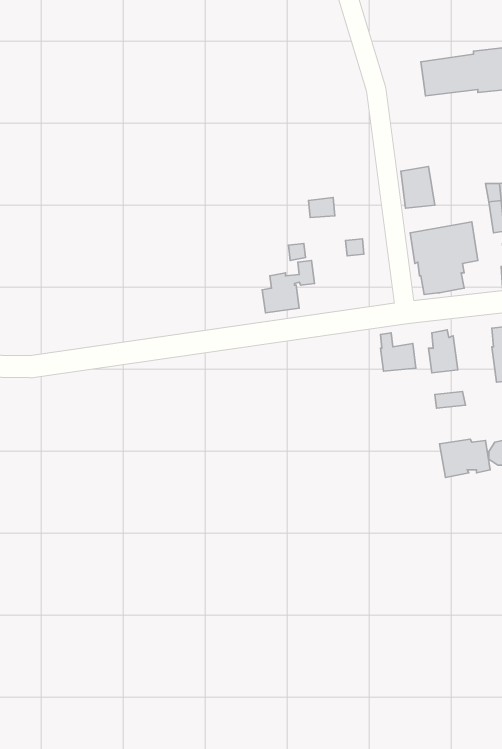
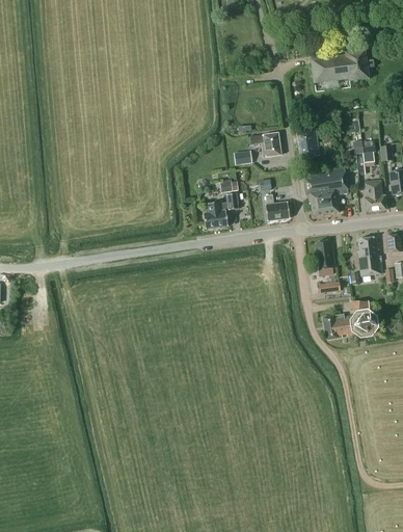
building: none -> [250,133,281,157]
building: [380,333,416,371] -> [266,194,290,220]

